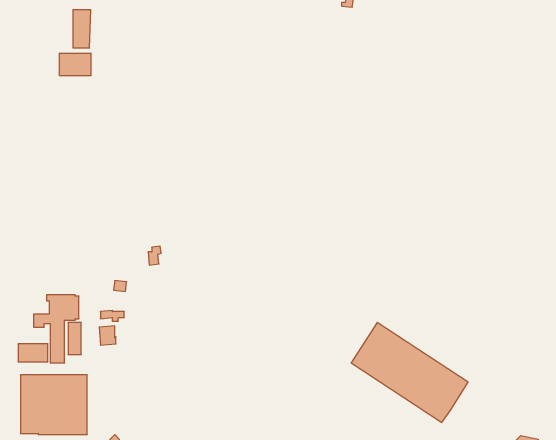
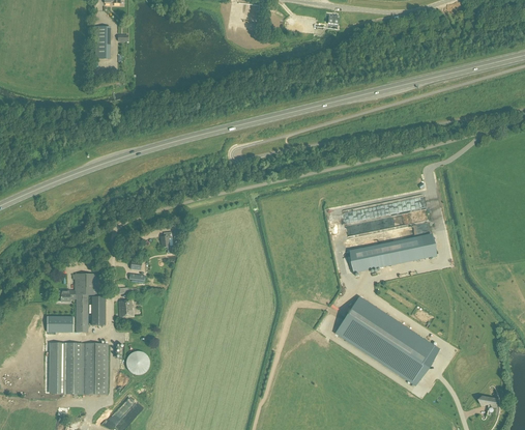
building: [60,53,91,76] -> none
building: none -> [349,234,435,271]
building: none -> [125,350,149,375]

